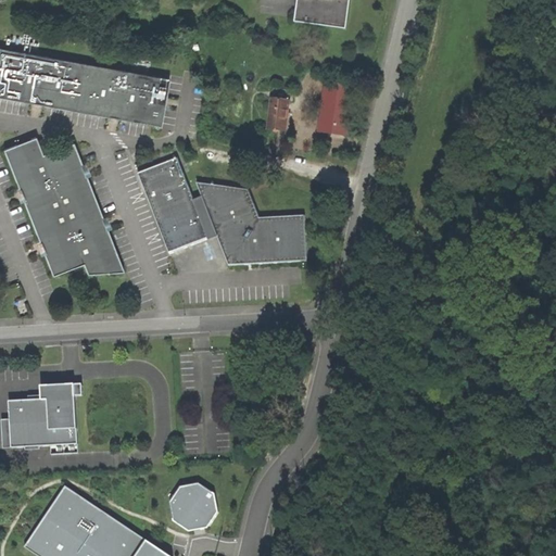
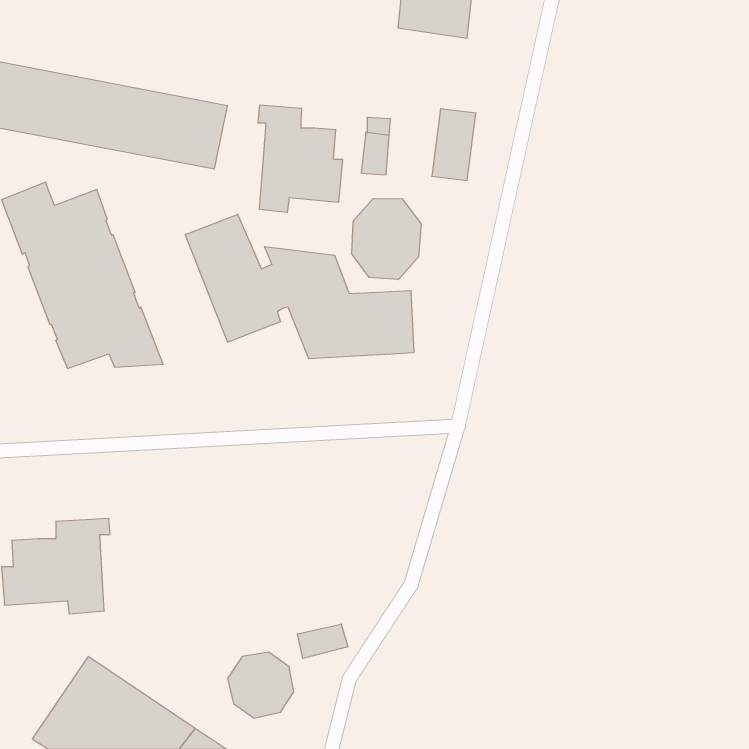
building: none -> [258,105,342,213]
building: none -> [352,198,421,280]
building: none -> [298,624,348,658]

